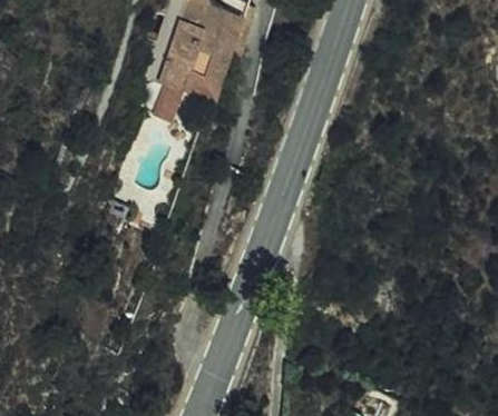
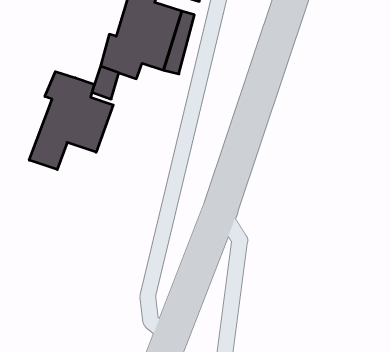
building: none -> [29,72,113,170]

